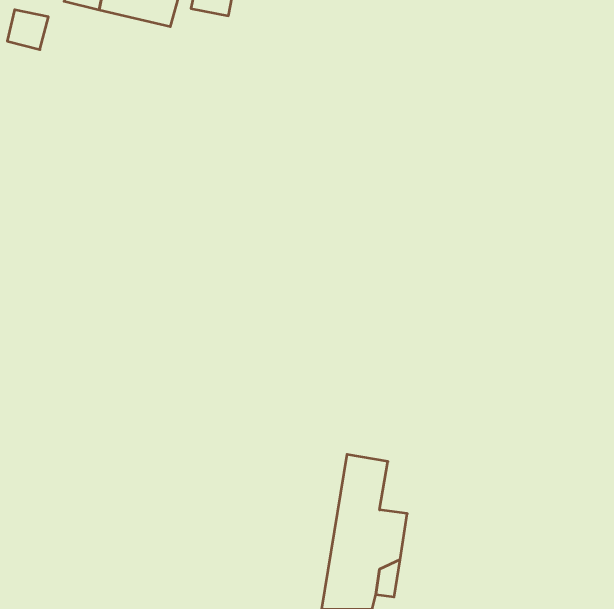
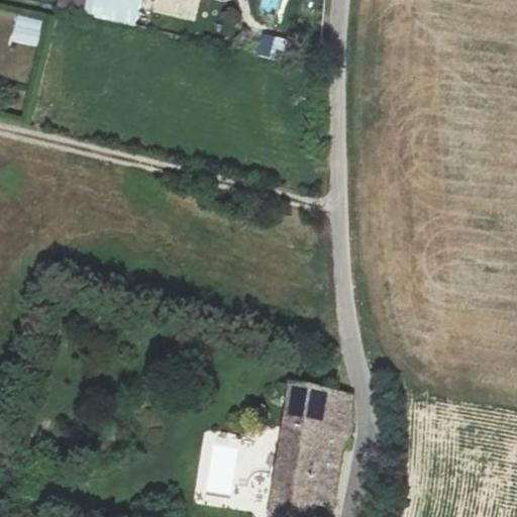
building: none -> [317,386,349,430]

